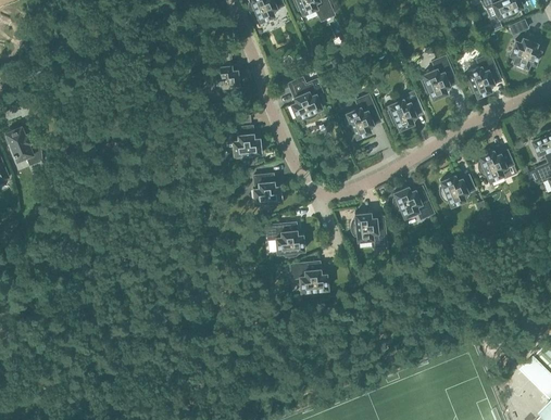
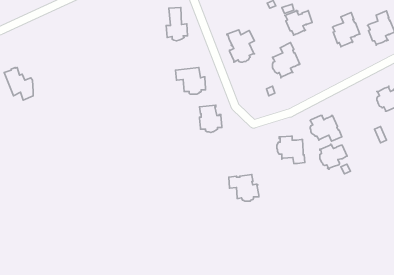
building: [388,98,423,129] -> [285,10,312,35]
building: [440,174,475,205] -> [320,144,347,169]
building: [266,221,304,255] -> none

